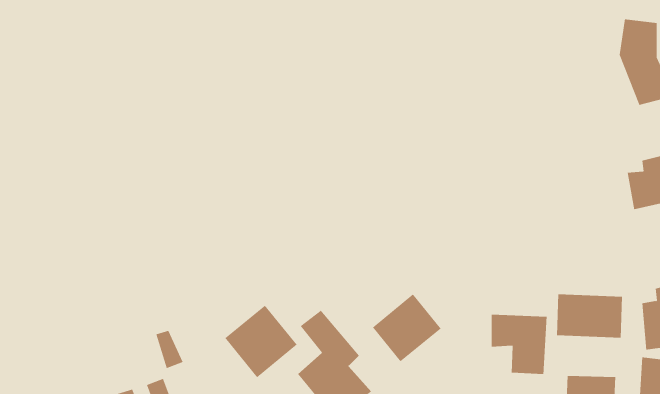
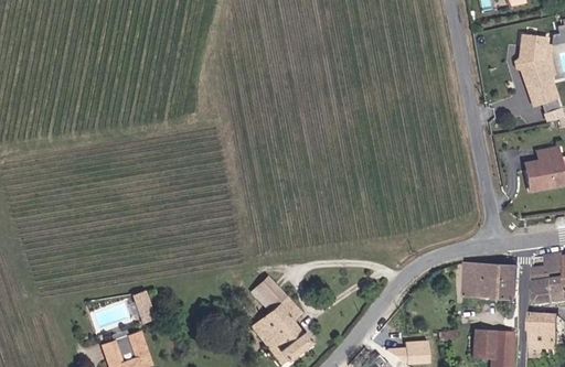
building: [372,294,441,362] -> none
building: [225,305,298,378] -> none
building: [491,314,547,375] -> none

